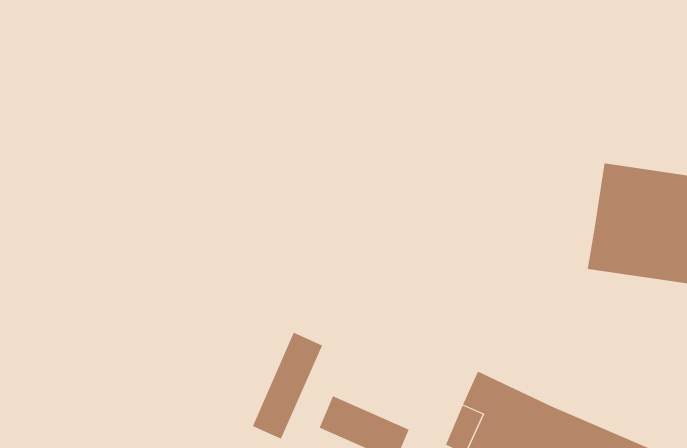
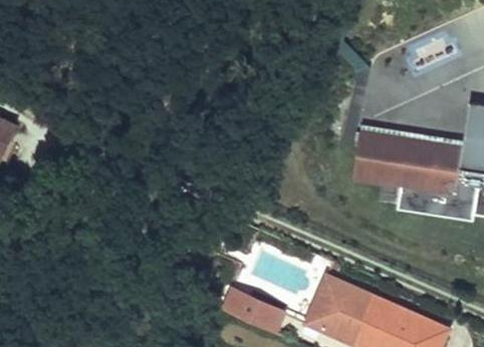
building: none -> [354,131,410,184]
building: [252,332,323,440] -> none

